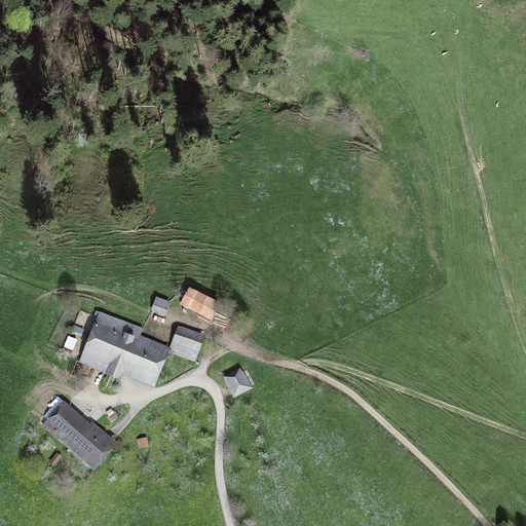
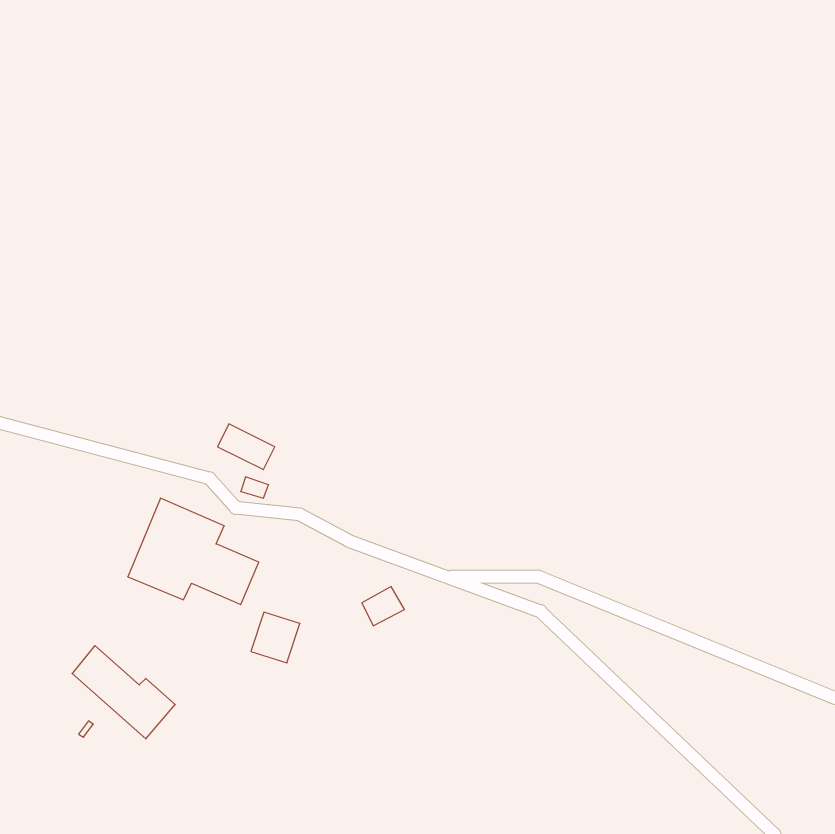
building: [181,288,217,316] -> [218,424,275,470]
building: [170,328,200,360] -> [251,612,300,663]

